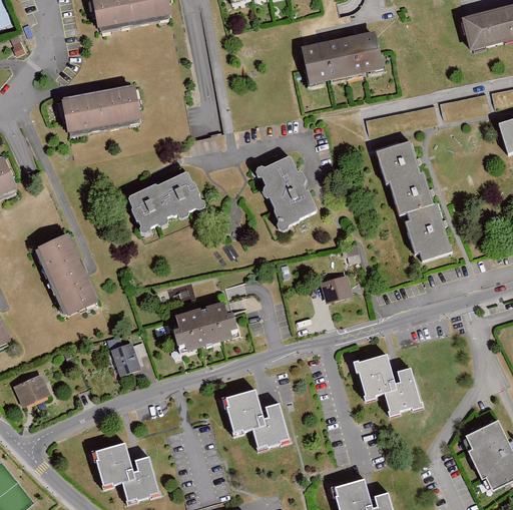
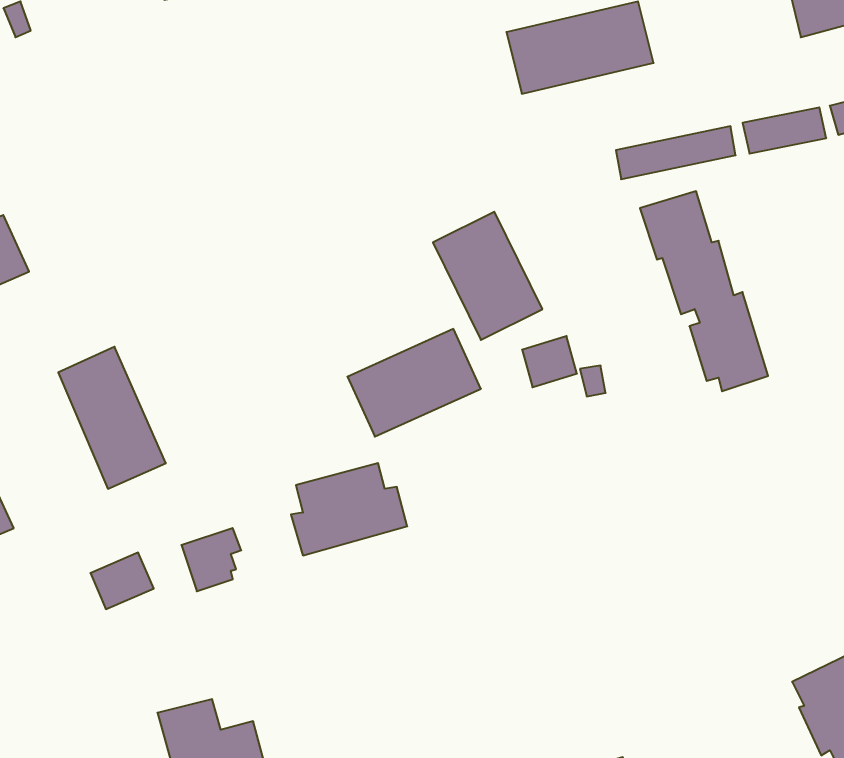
building: [59,86,140,136] -> none
building: [124,171,202,234] -> [347,329,481,437]
building: [318,277,350,307] -> [522,336,577,387]
building: [353,350,424,414] -> none
building: [10,373,47,406] -> [90,553,154,609]
building: [224,388,292,446] -> none

